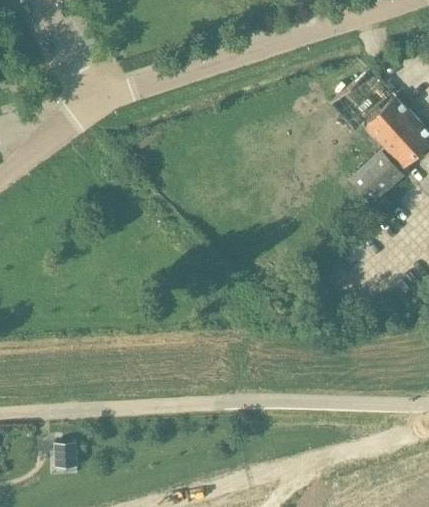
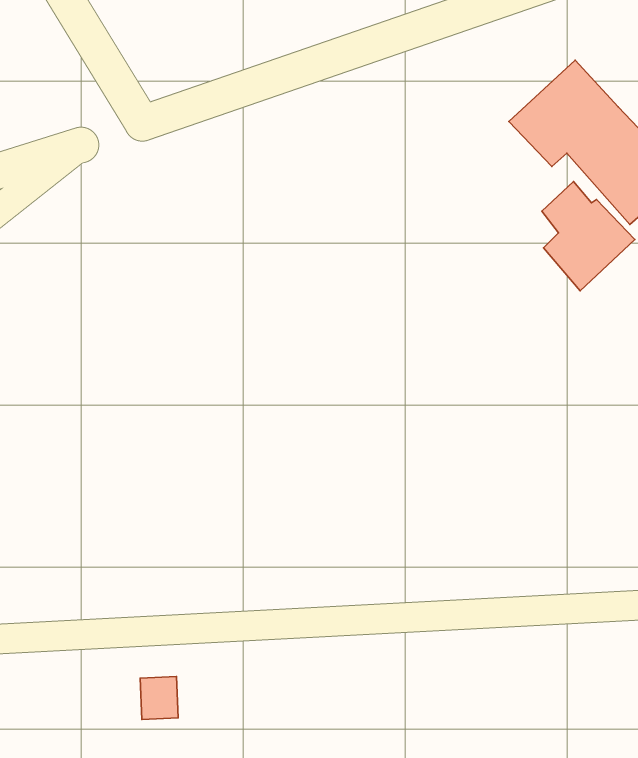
building: [52,443,75,469] -> [140,676,178,720]

